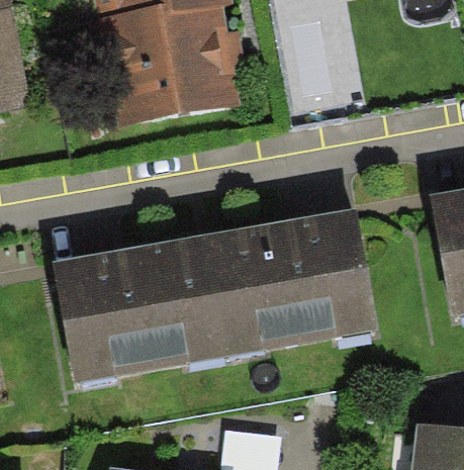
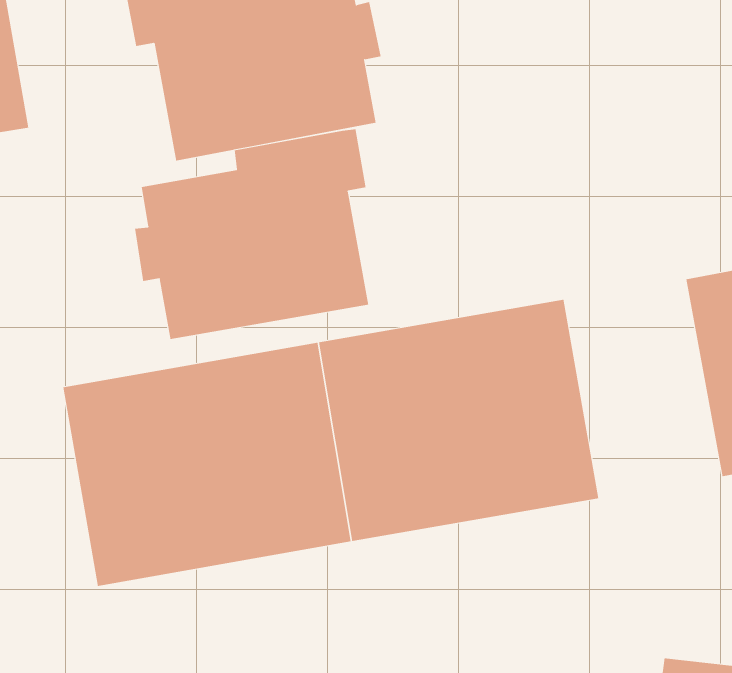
building: none -> [135,129,369,340]

